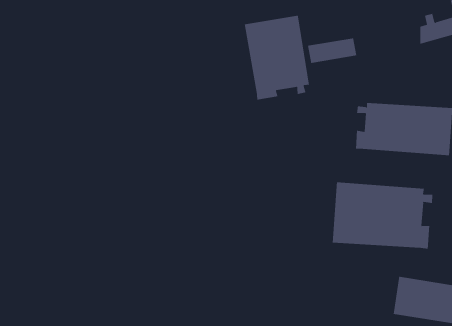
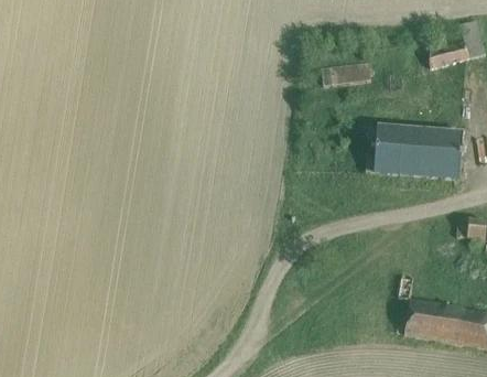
building: [244,15,309,100] -> none
building: [332,181,433,250] -> none

